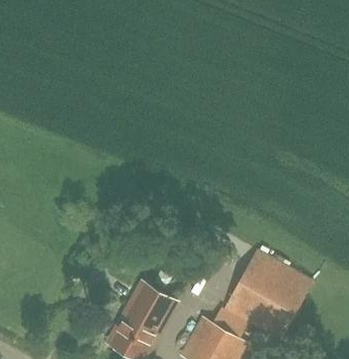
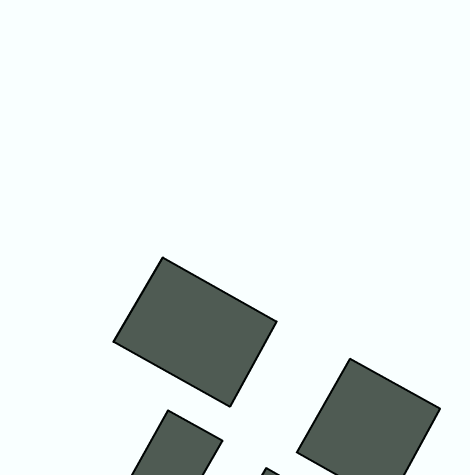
building: none -> [113,257,277,407]

